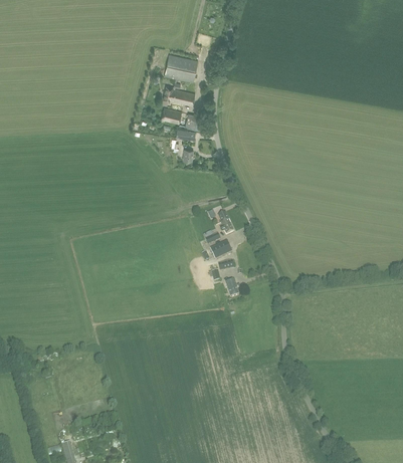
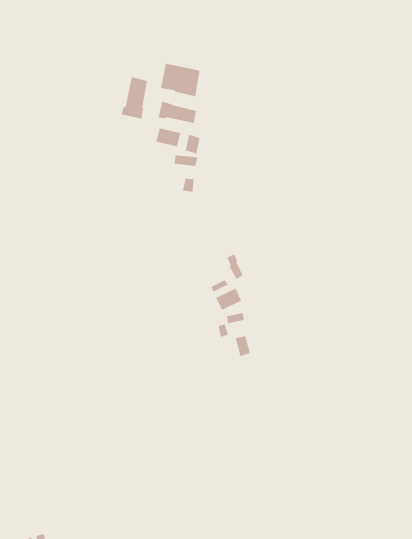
building: none -> [121,76,148,119]

